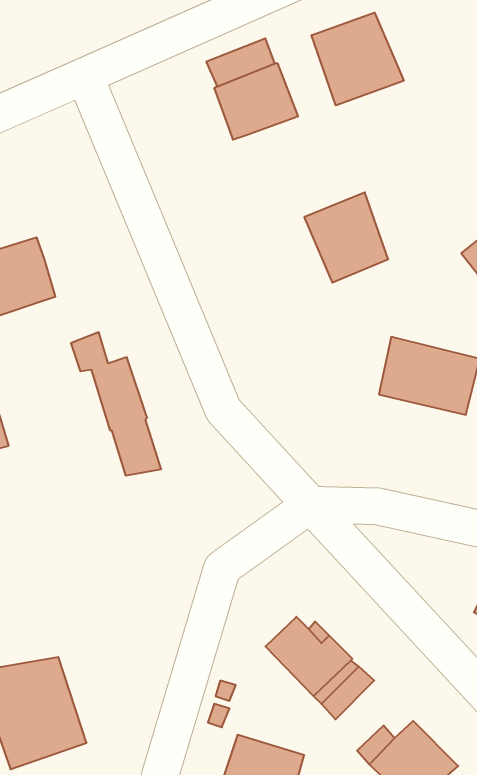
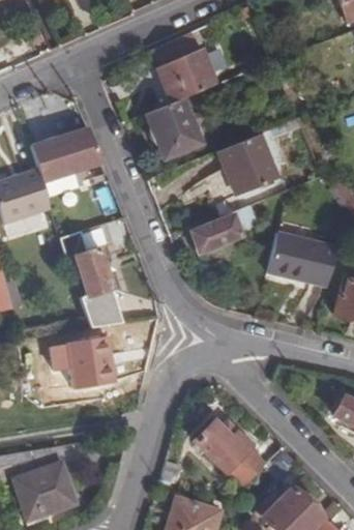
building: [312,13,404,105] -> none
building: none -> [146,98,200,158]
building: none -> [34,126,104,181]
building: none -> [194,205,259,248]
building: none -> [51,338,114,404]

